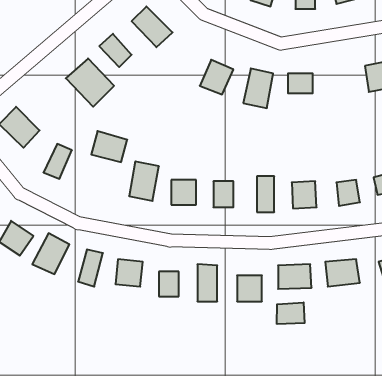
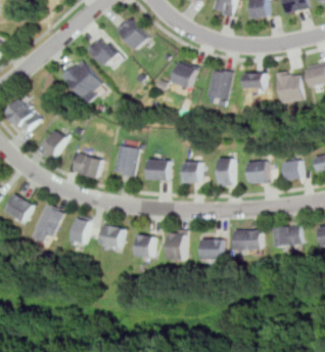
building: none -> [275,70,303,103]
building: [91,131,127,162] -> [72,152,101,178]
building: [277,302,305,324] -> none

